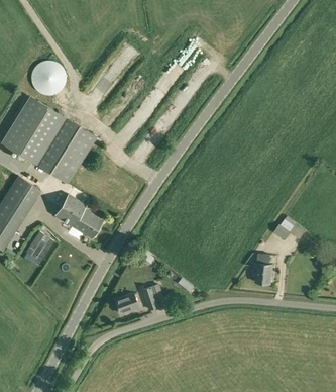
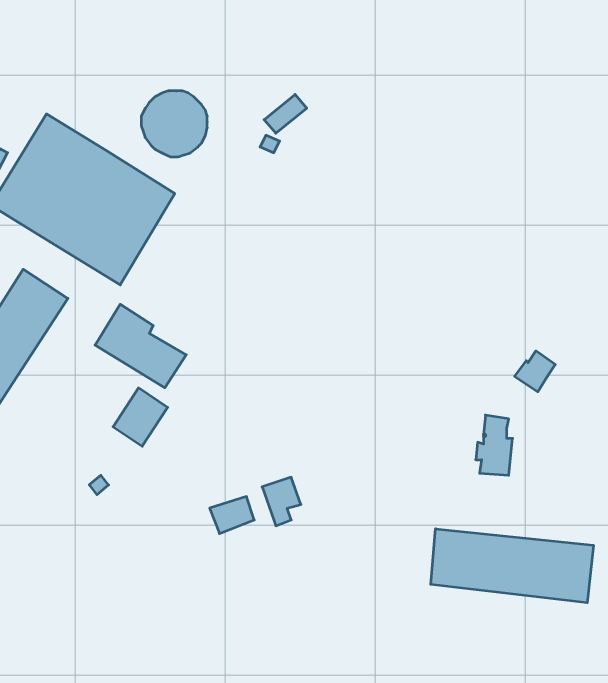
building: [30,61,65,95] -> [141,91,207,157]
building: [23,235,51,266] -> [113,388,168,446]
building: none -> [431,529,593,603]

